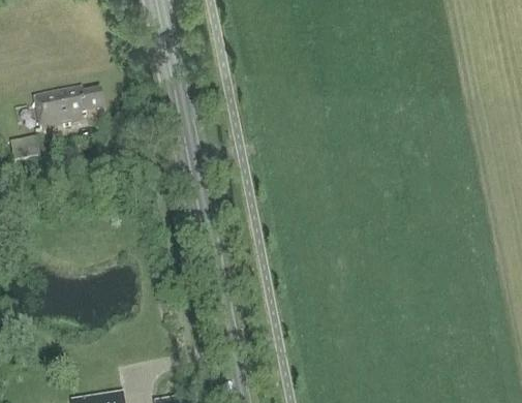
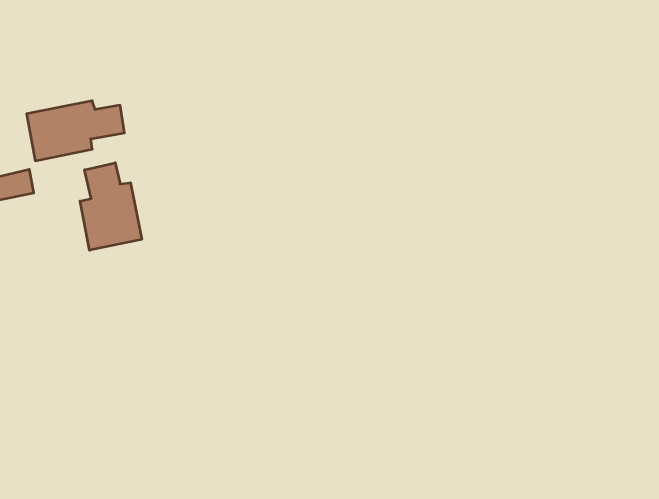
building: none -> [80,163,142,250]

